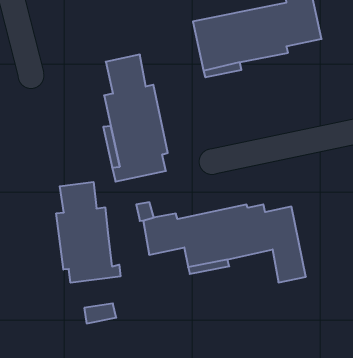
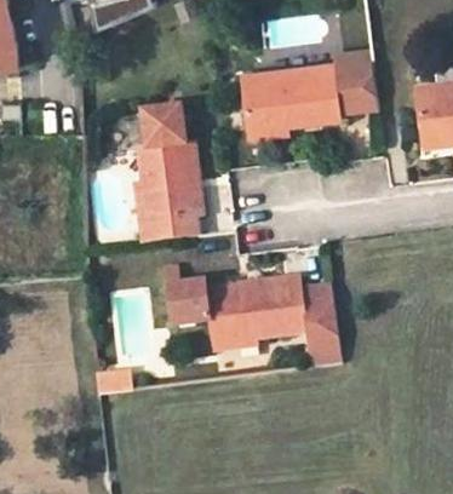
building: [56,182,120,283] -> none

